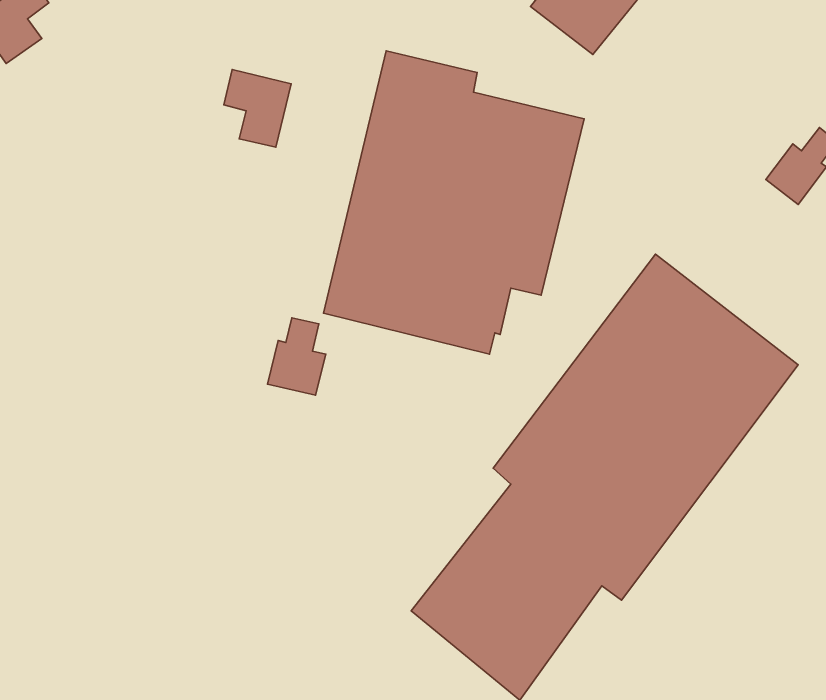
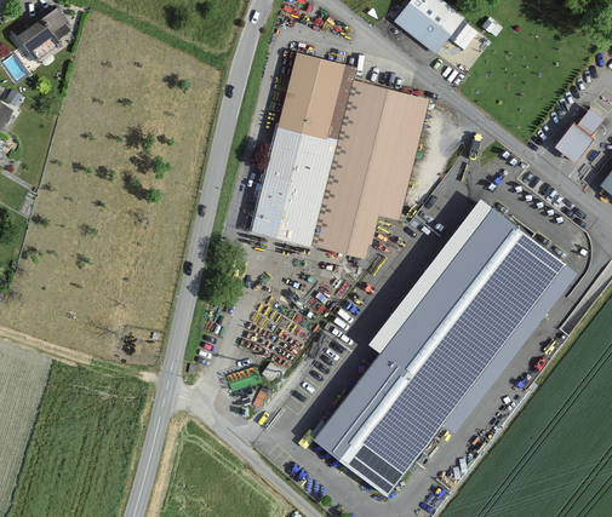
building: [224,69,291,147] -> none
building: [268,318,326,395] -> none

